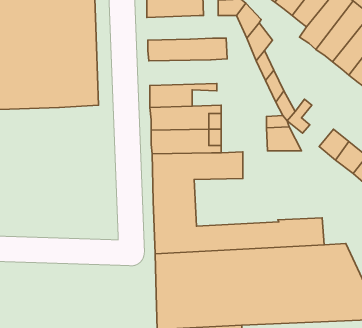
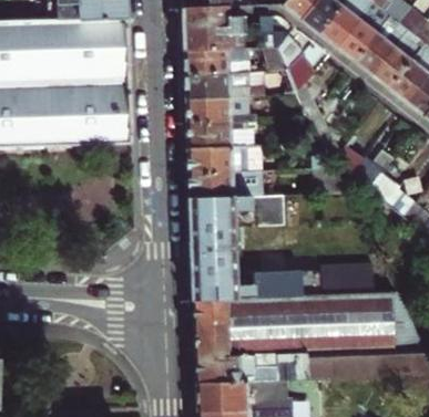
building: none -> [184,45,255,72]
building: none -> [186,93,259,121]

